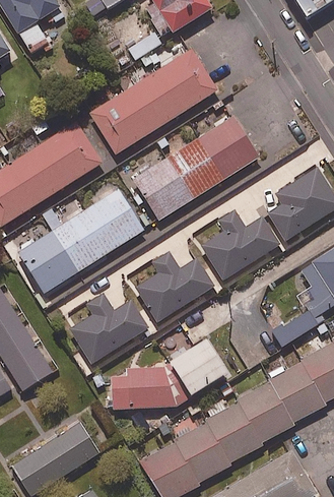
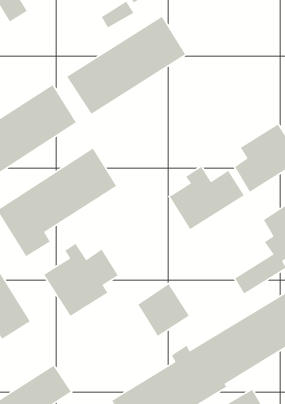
building: [135,119,262,223] -> none
building: [135,251,214,320] -> none
building: [111,357,192,405] -> none

